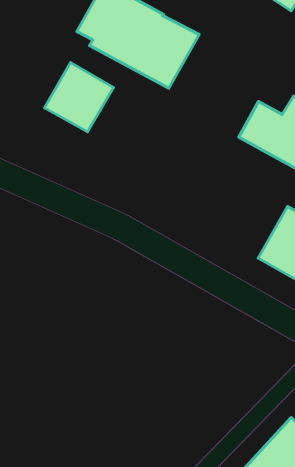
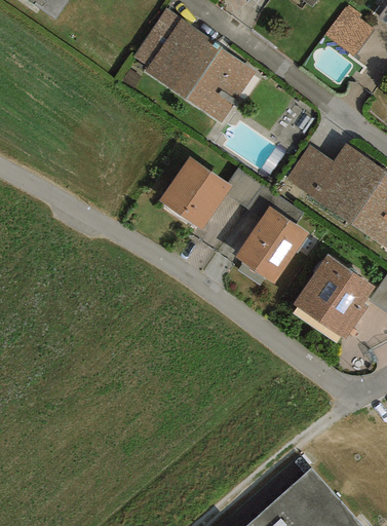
building: [44,62,114,132] -> [159,157,231,229]
building: none -> [236,208,308,283]

